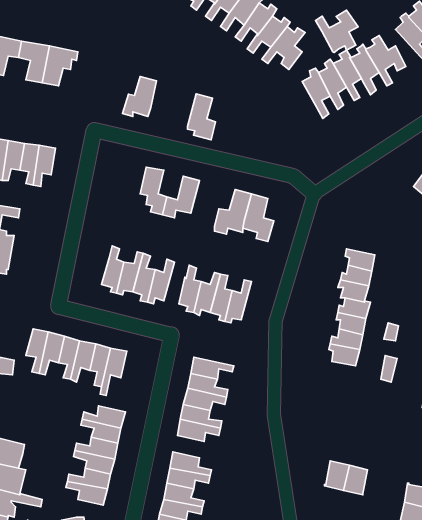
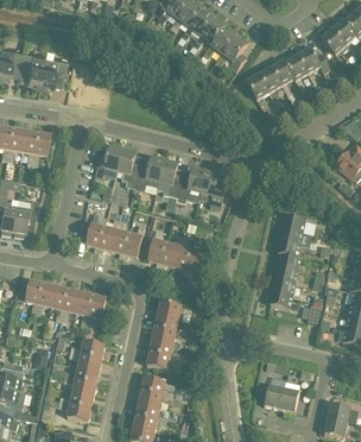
building: [315,10,358,52] -> none
building: [122,76,157,116] -> [94,145,121,177]
building: [187,94,216,140] -> [157,159,179,196]
building: none -> [11,198,37,236]

